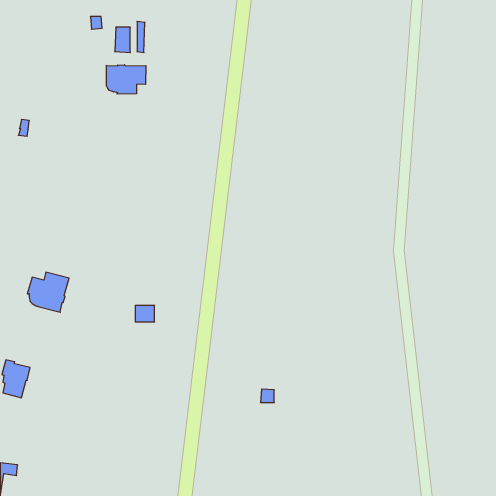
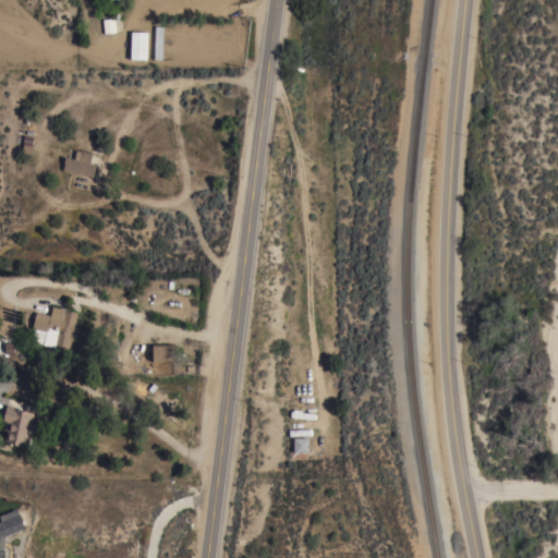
building: [106,65,146,94] -> none
building: none -> [63,150,96,178]

